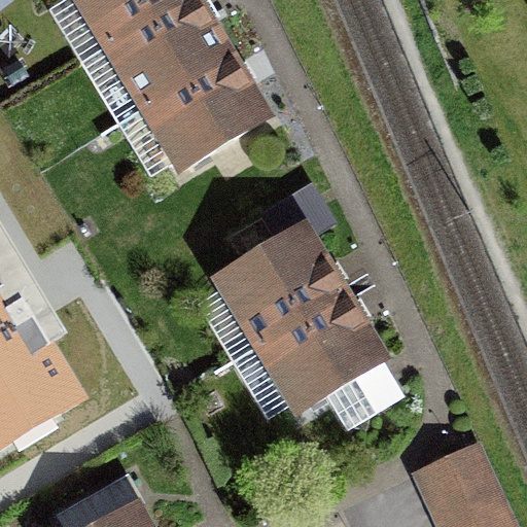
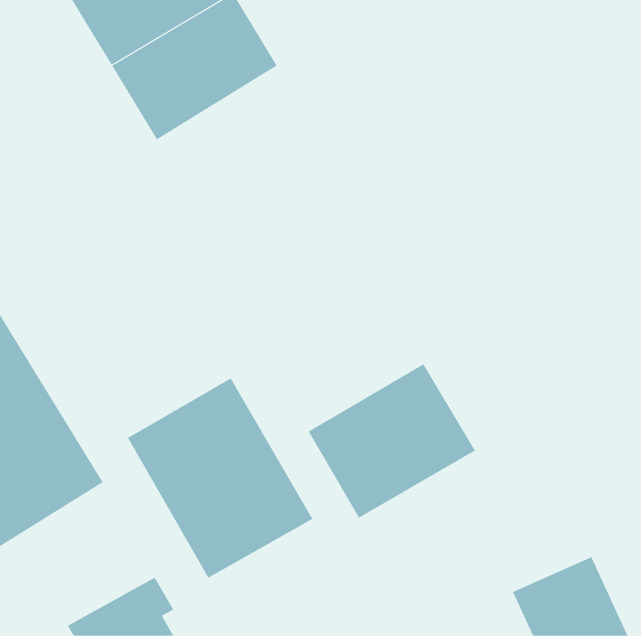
building: [128,54,269,182] -> none
building: [211,227,346,352] -> none
building: none -> [127,377,313,579]

